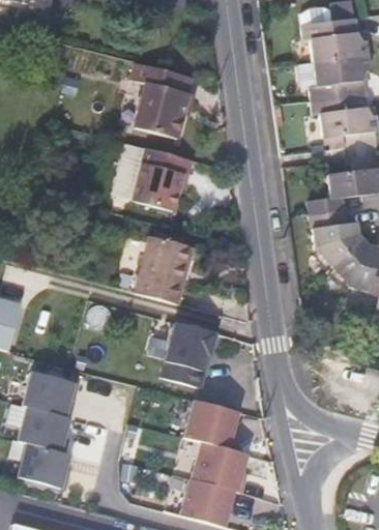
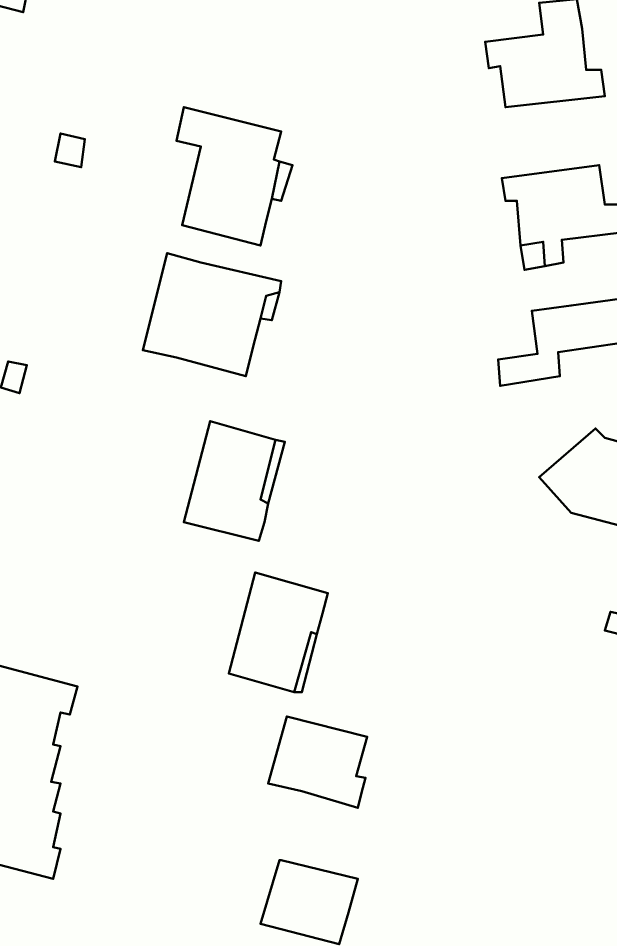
building: [299,56,371,102] -> none
building: [311,211,363,267] -> none
building: [189,441,245,493] -> none

